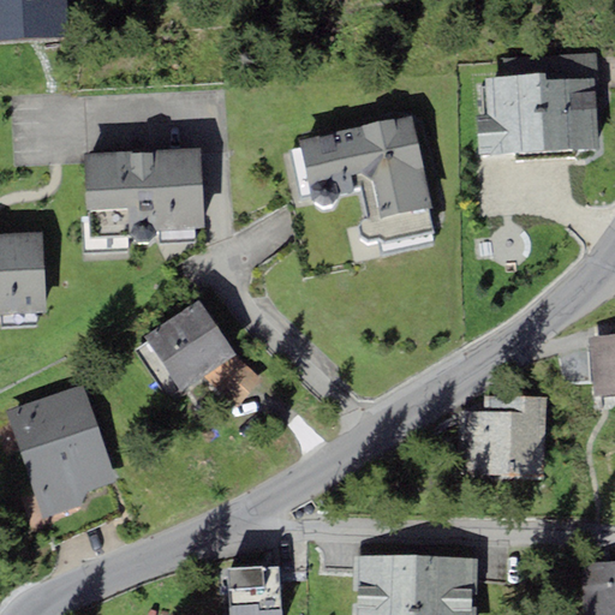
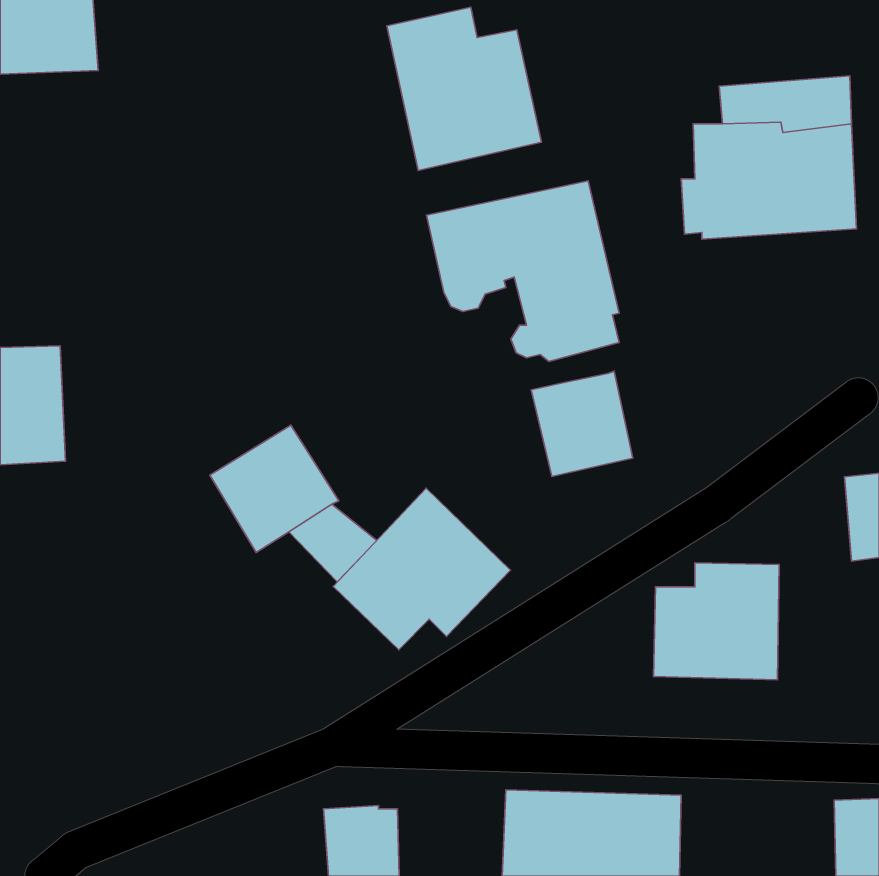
building: none -> [387,7,542,171]
building: [83,159,204,251] -> none
building: none -> [531,371,633,477]
building: none -> [333,488,510,650]
building: [6,382,120,517] -> none

